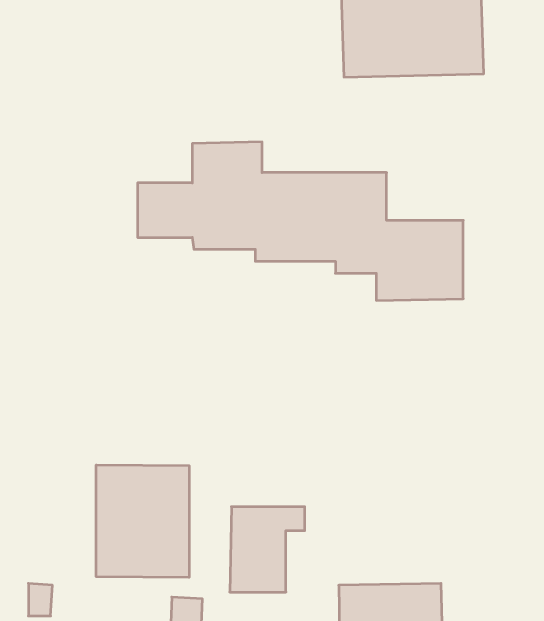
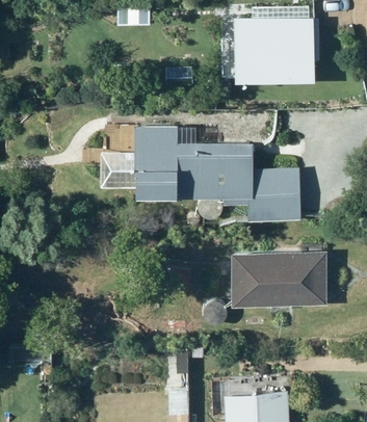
building: none -> [232,249,327,305]
building: [96,465,189,577] -> none

